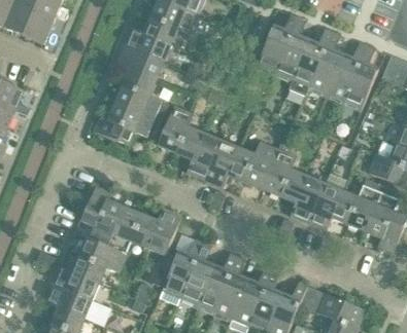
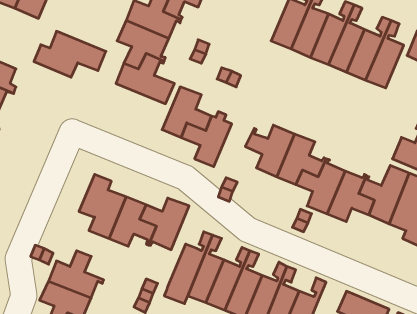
building: [94,103,160,145] -> [34,31,106,77]
building: [204,140,248,187] -> none
building: [78,236,126,283] -> none

